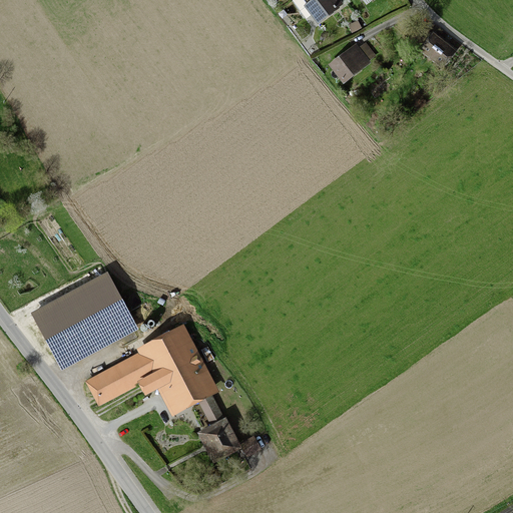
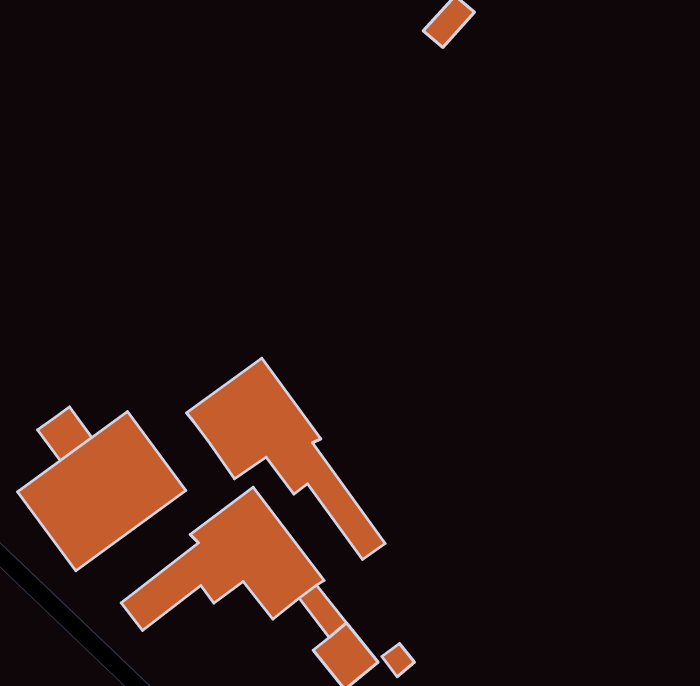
building: none -> [186,358,385,560]
building: none -> [38,407,92,460]

